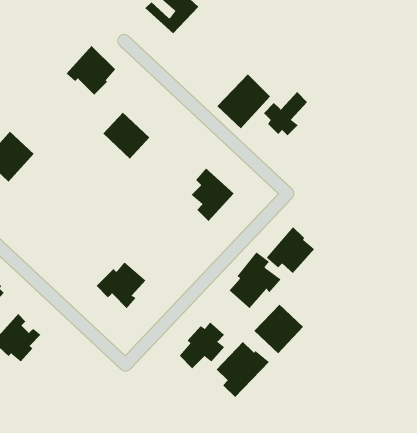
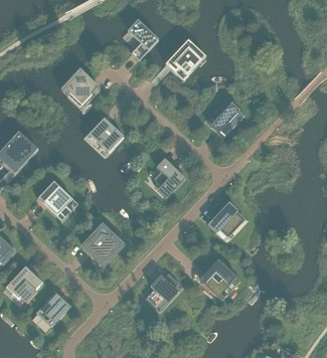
building: [216,73,271,129] -> [164,39,204,80]
building: none -> [34,182,73,220]
building: [229,251,282,309] -> none
building: [216,341,270,398] -> none
building: none -> [35,293,69,327]

